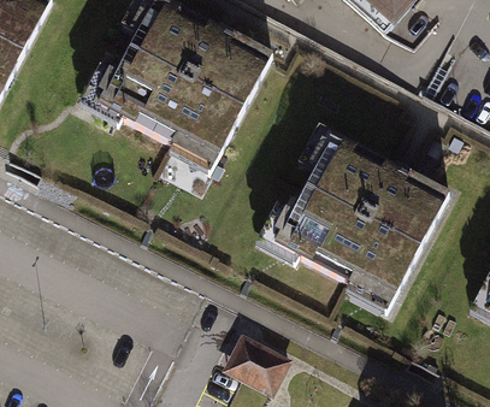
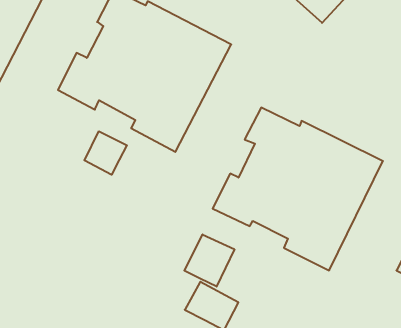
building: none -> [84,131,127,175]
building: none -> [184,234,234,287]

